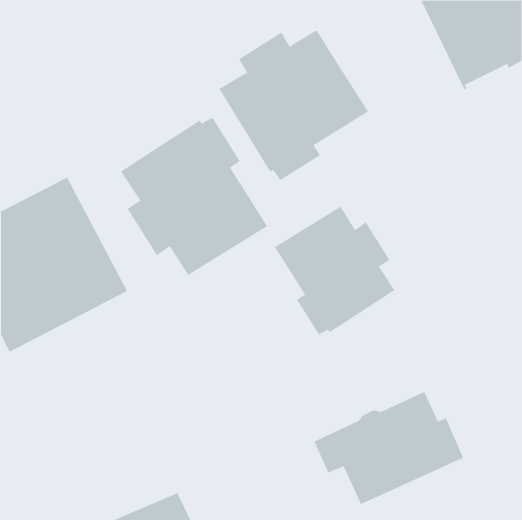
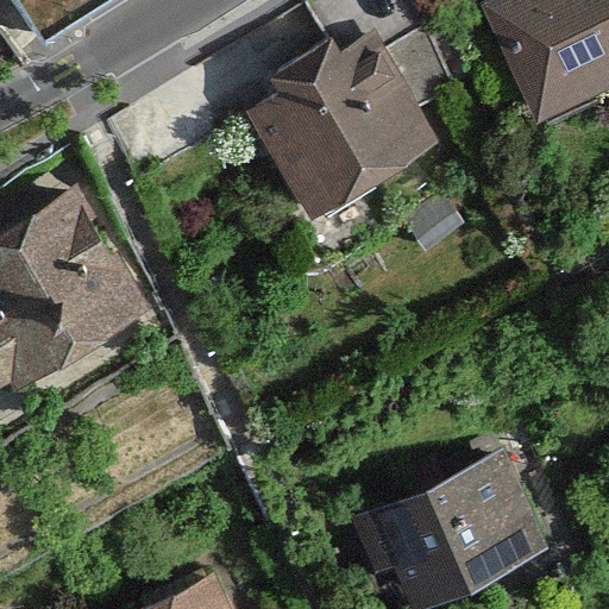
building: [120,117,268,276] -> none
building: [274,206,395,335] -> none

